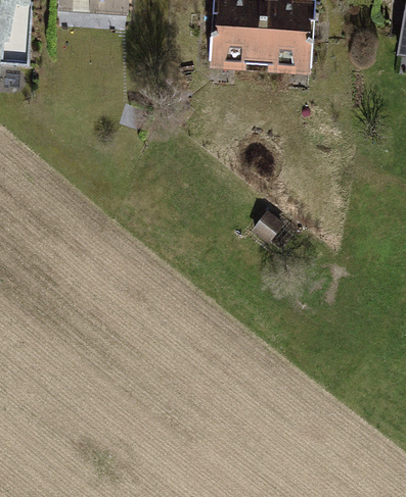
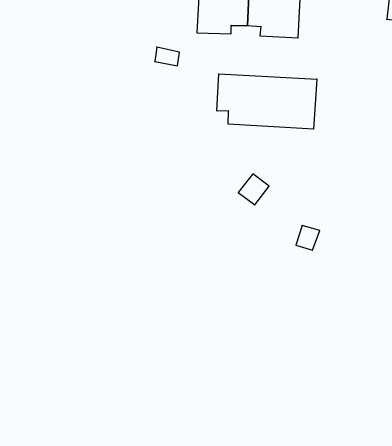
building: none -> [217,74,317,129]

